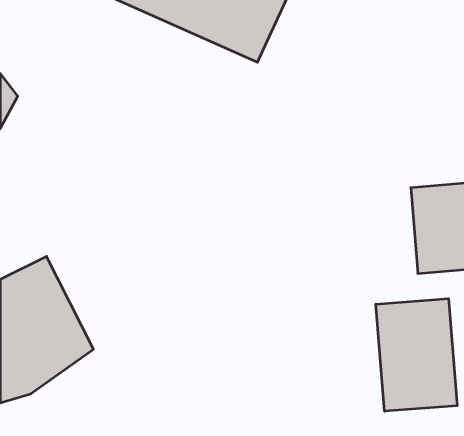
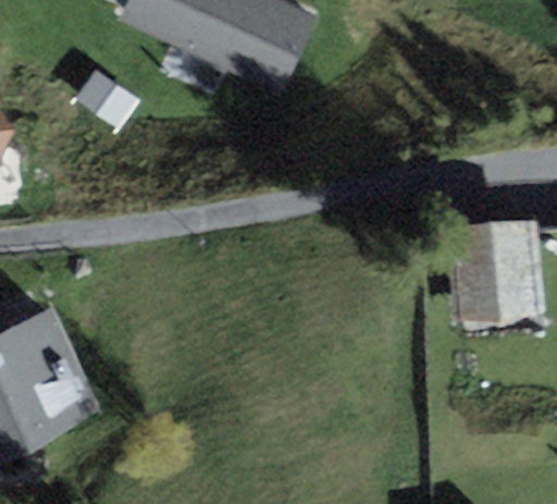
building: [376,299,457,411] -> none

